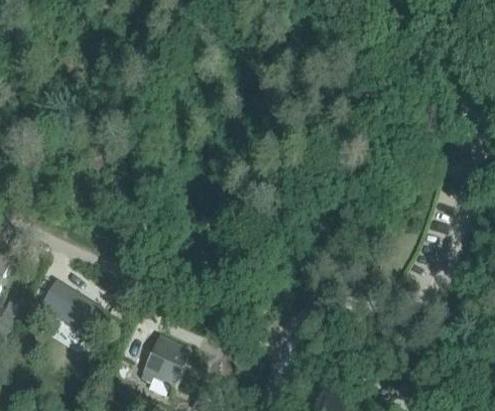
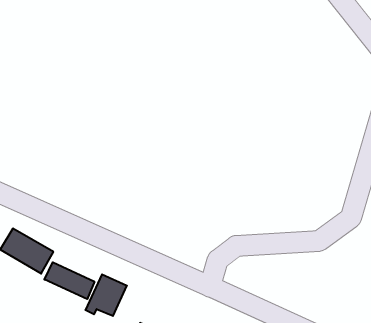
building: none -> [44,262,94,299]

